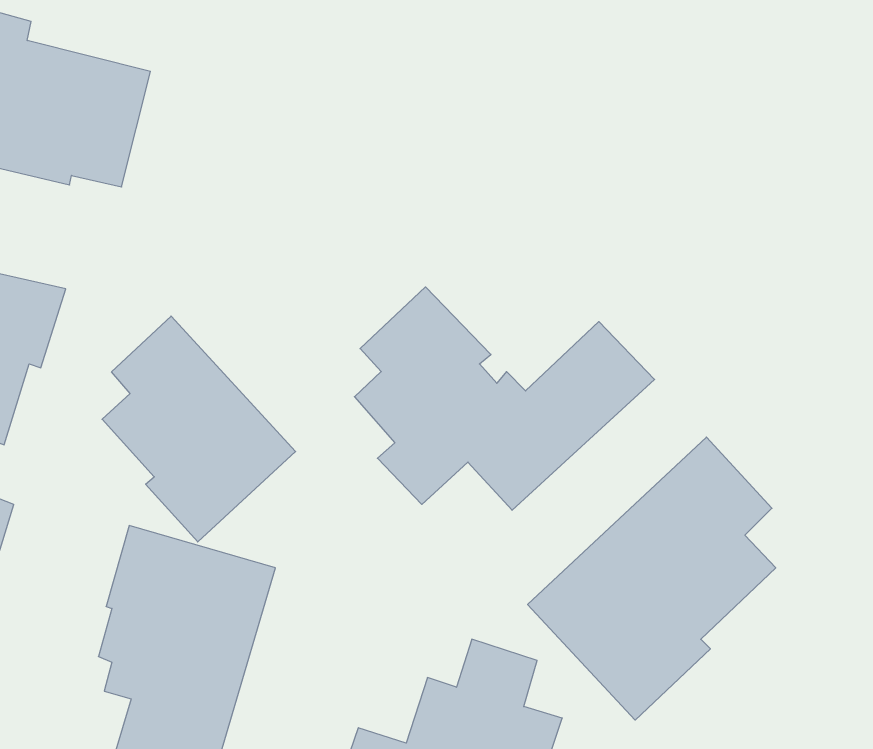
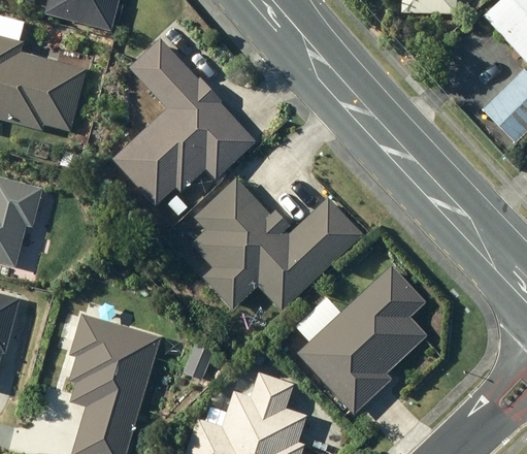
building: none -> [116,40,258,207]
building: [102,316,296,542] -> none

